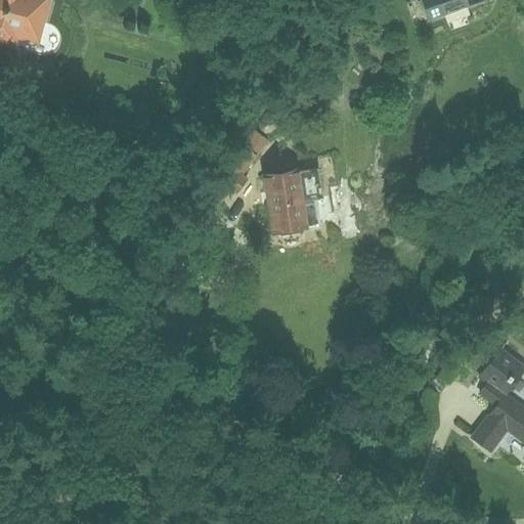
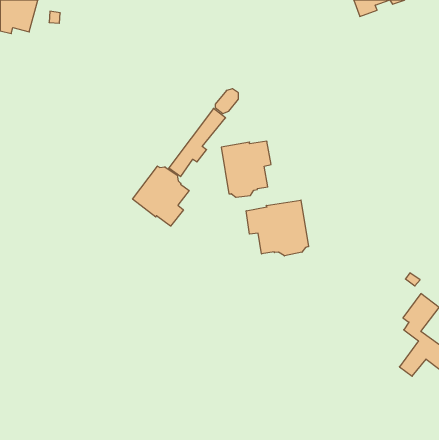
building: none -> [133,166,189,226]
building: none -> [246,200,309,256]

